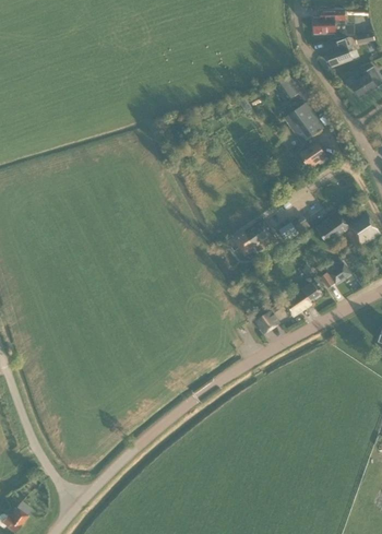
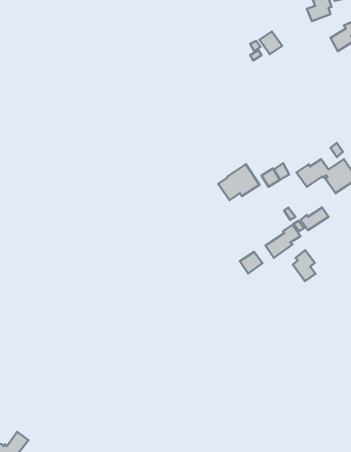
building: [284,102,329,166] -> none
building: none -> [293,250,315,281]

